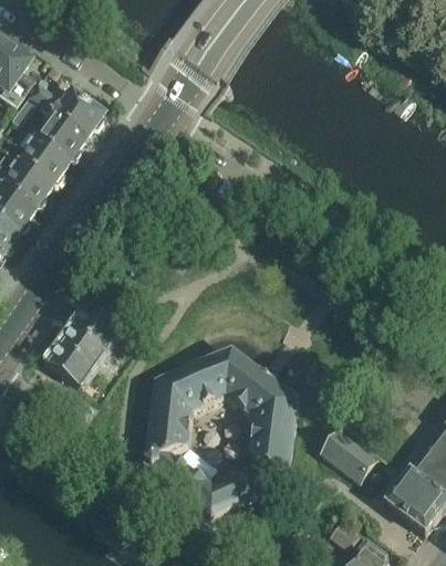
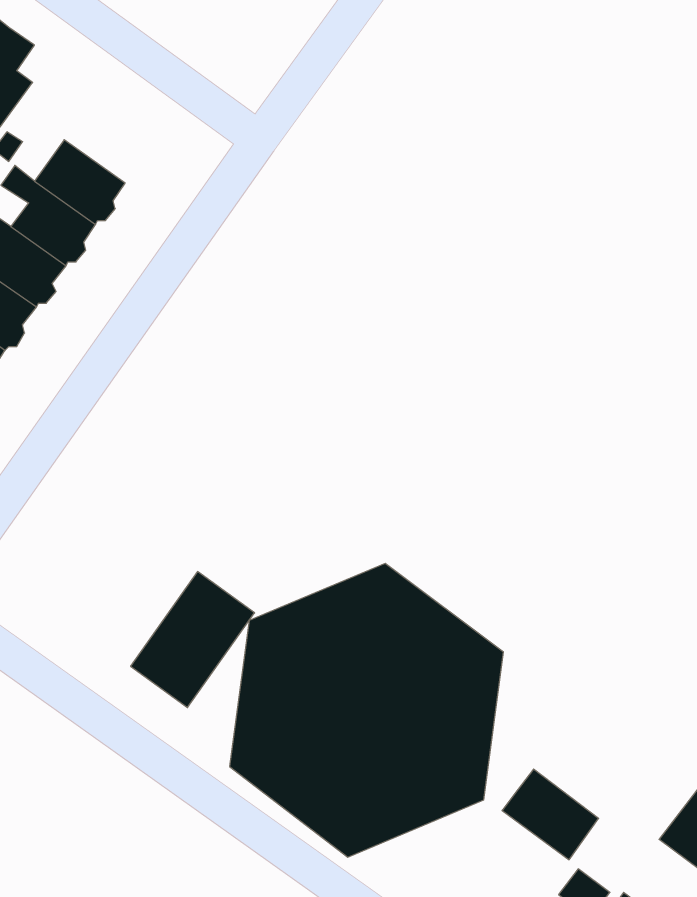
building: [28,76,103,135] -> none
building: [49,307,118,384] -> [131,572,255,708]
building: [321,429,375,480] -> [502,769,599,860]

